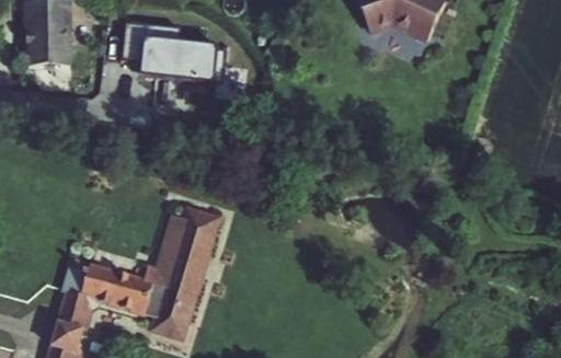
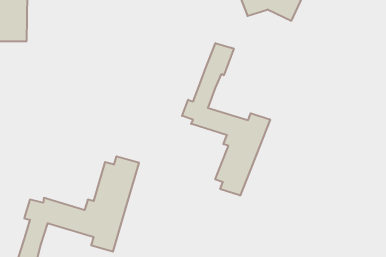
building: [123,15,229,80] -> none
building: none -> [182,43,270,196]

